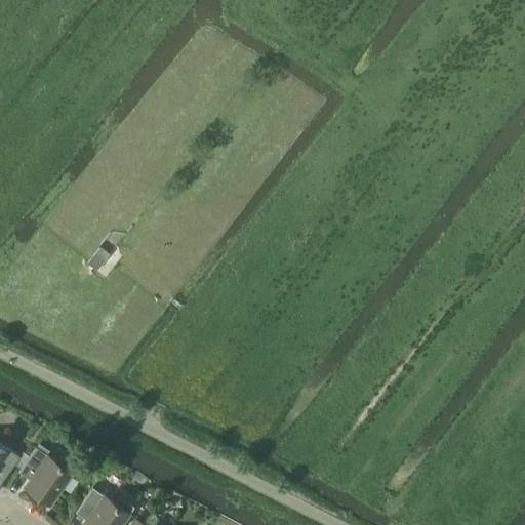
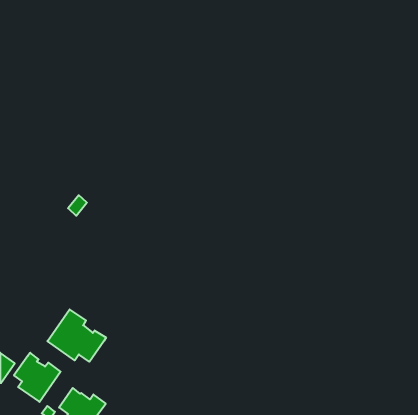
building: none -> [47,309,106,362]

